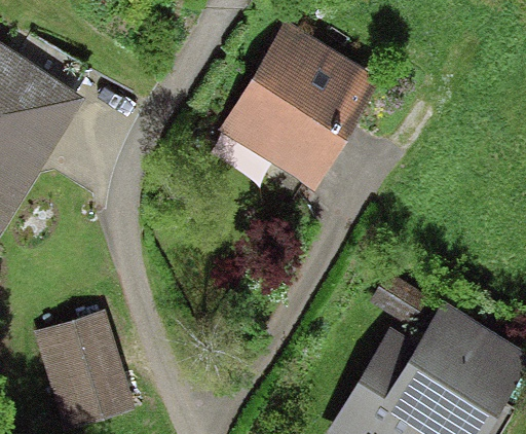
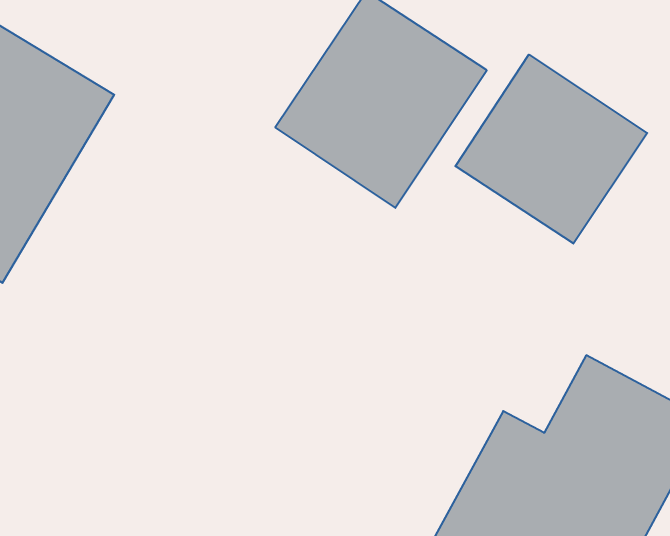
building: none -> [455,55,647,244]
building: [34,316,127,424] -> none

